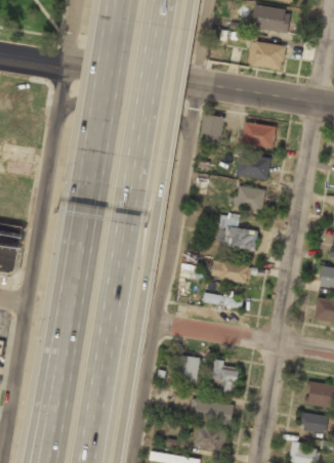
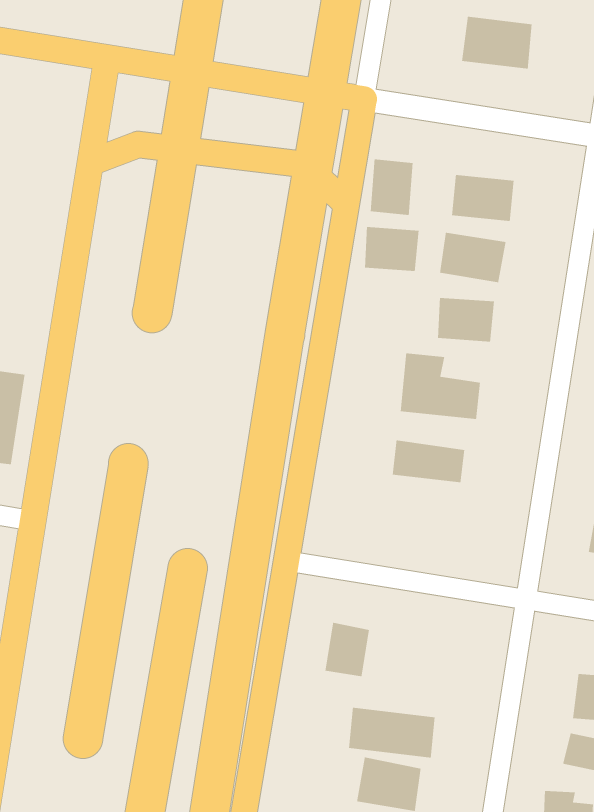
building: none -> [364,226,420,272]
building: [202,290,243,308] -> none
building: [207,359,238,394] -> none

